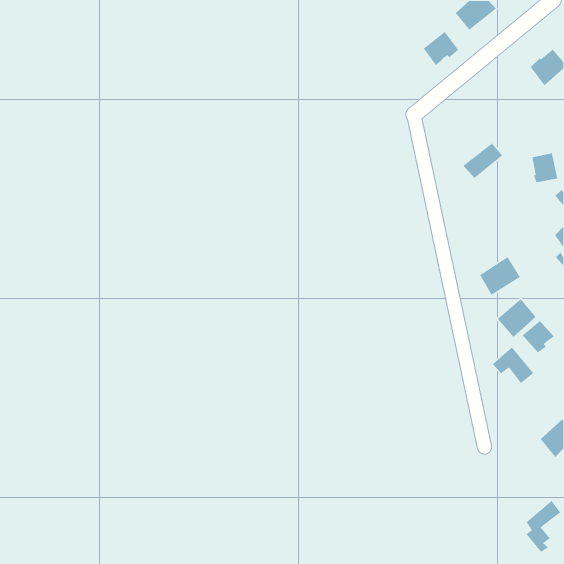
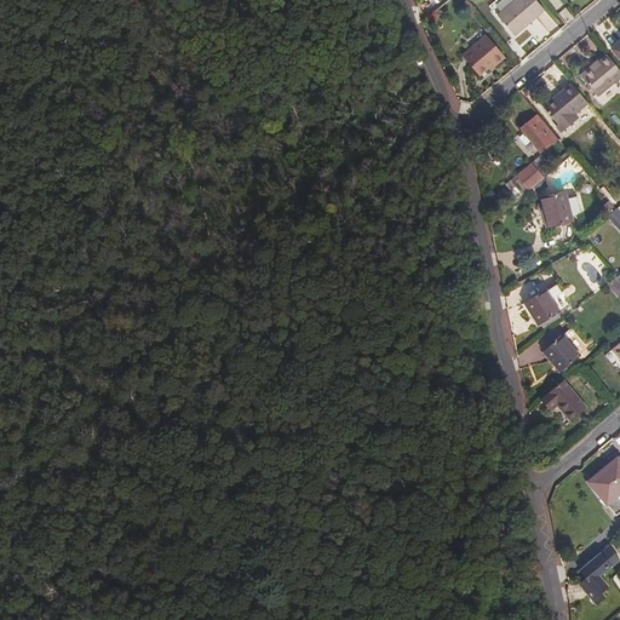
building: none -> [544,84,589,126]
building: none -> [521,113,558,151]
building: [532,152,558,183] -> [542,193,572,226]
building: [522,320,555,353] -> none

